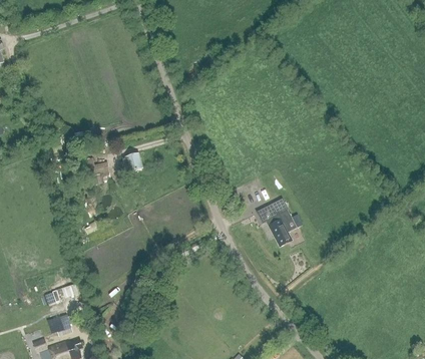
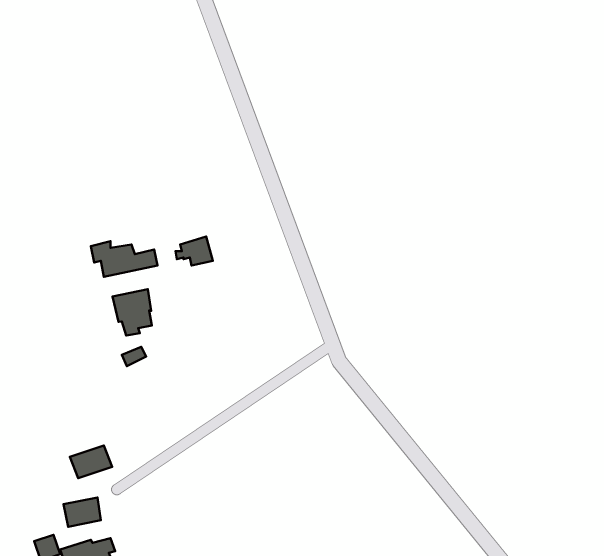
building: none -> [113,289,152,336]
building: [255,202,292,247] -> none

